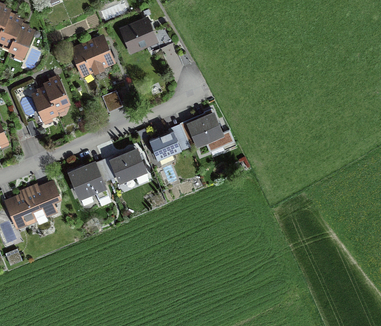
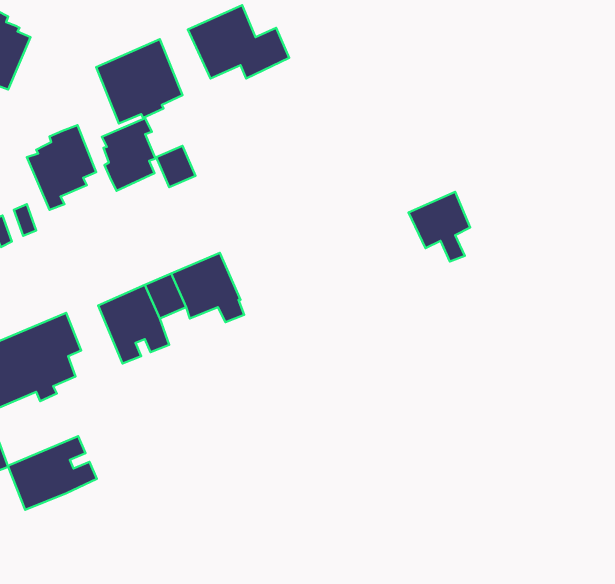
building: none -> [102,118,156,191]
building: [188,114,221,151] -> [408,192,470,261]
building: [148,123,189,163] -> none
building: none -> [8,436,97,510]

